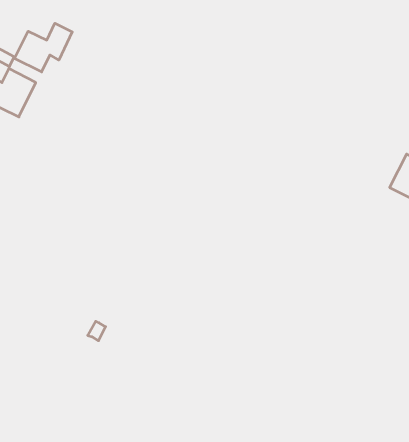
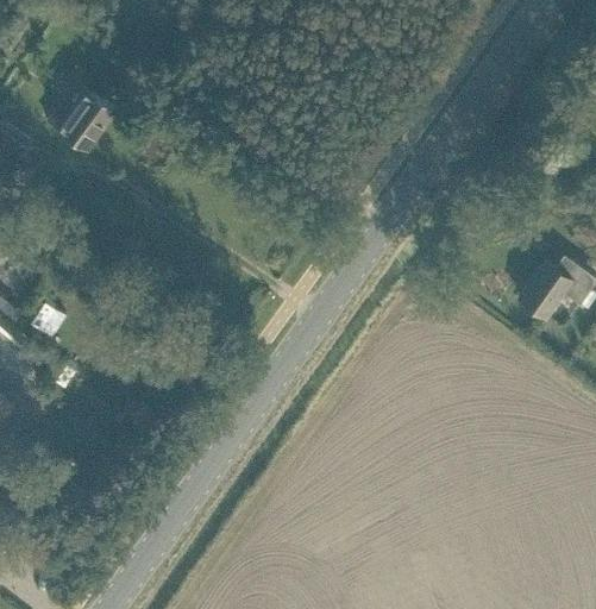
building: [15,23,72,72] -> none

